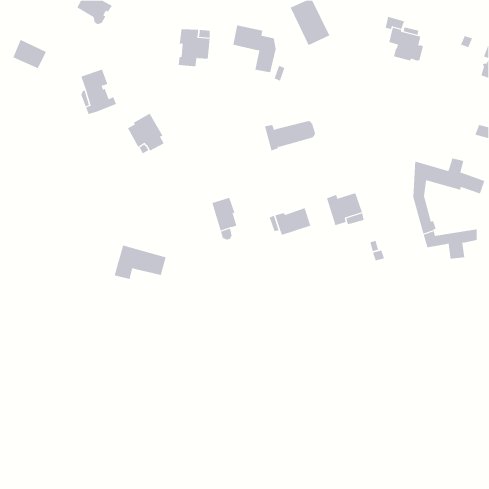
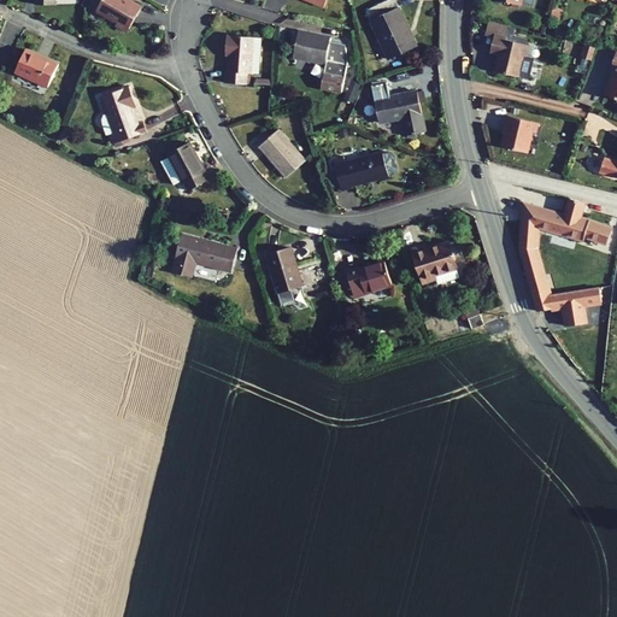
building: none -> [371,82,425,136]
building: none -> [500,113,536,151]
building: none -> [259,130,306,177]
building: [114,245,166,279] -> [171,233,237,276]

